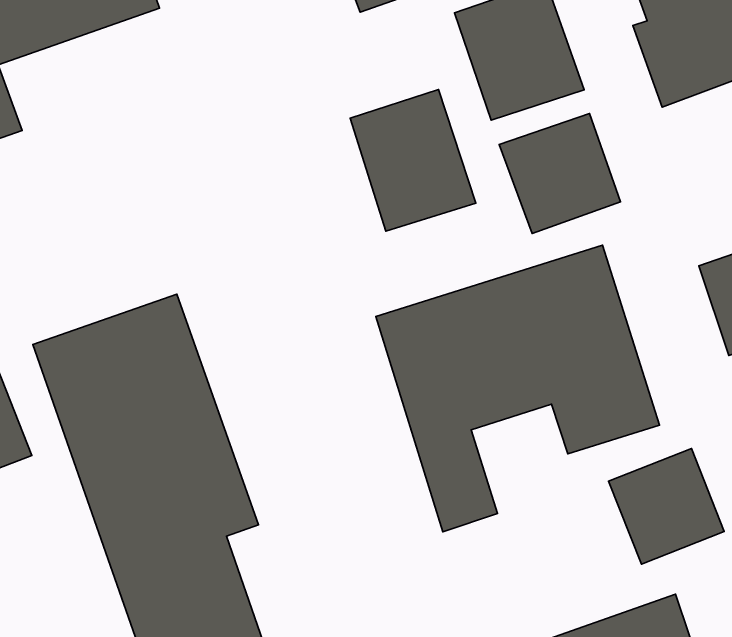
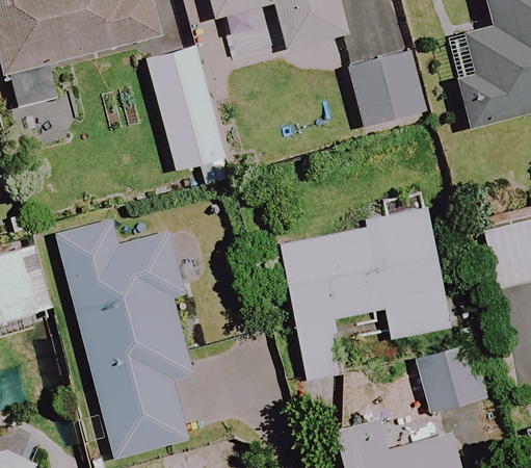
building: none -> [147,45,227,172]
building: [350,90,476,231] -> none
building: [499,113,620,233] -> none

